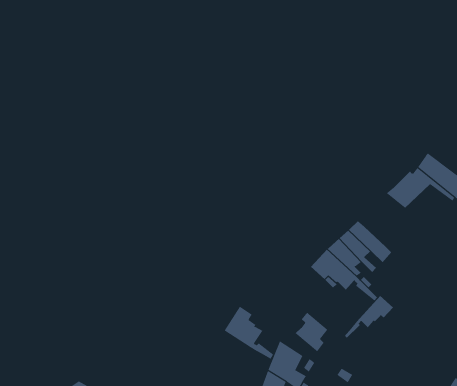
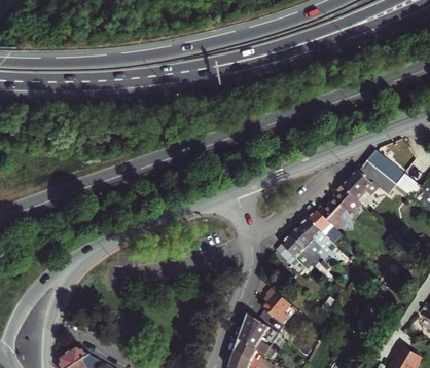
building: none -> [322,185,365,231]
building: [344,295,394,338] -> none
building: [224,306,274,359] -> none

